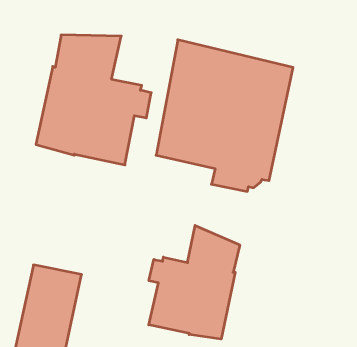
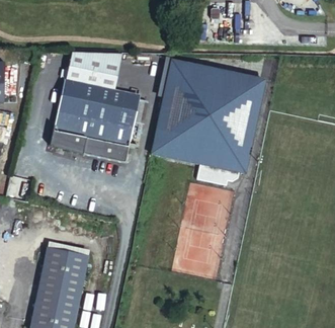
building: [149,225,240,339] -> none

